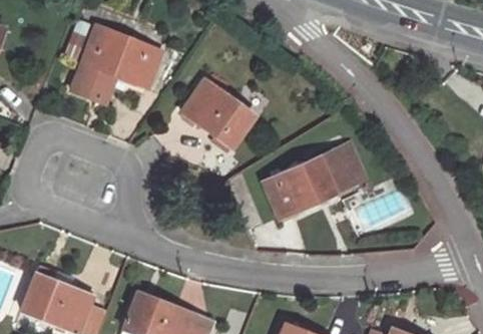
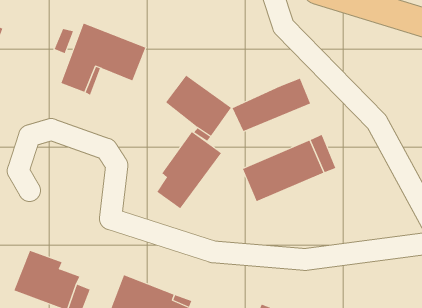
building: none -> [232,78,311,132]
building: none -> [157,131,222,209]

